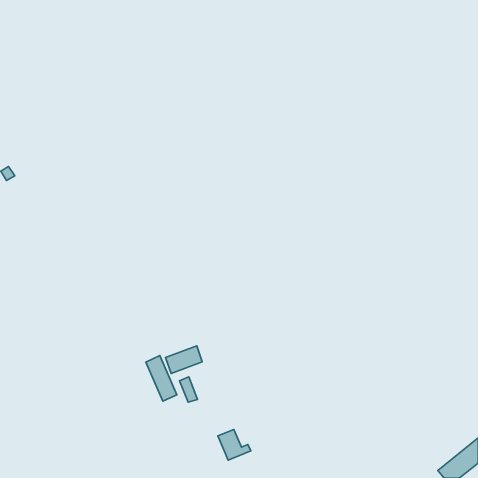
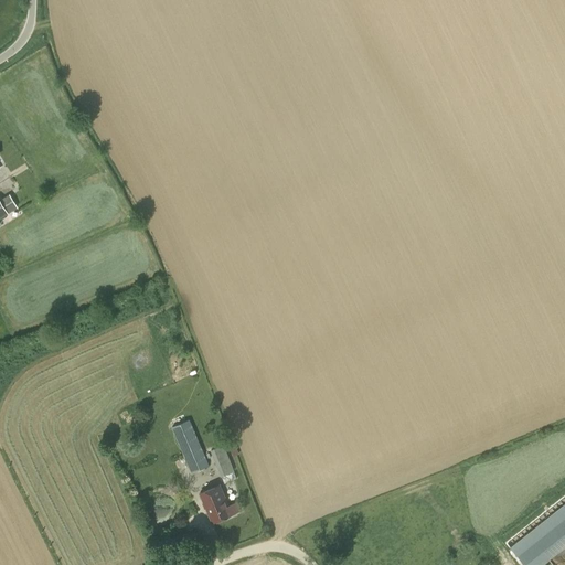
building: [166,346,202,373] -> none
building: [218,429,251,460] -> [201,486,239,522]

